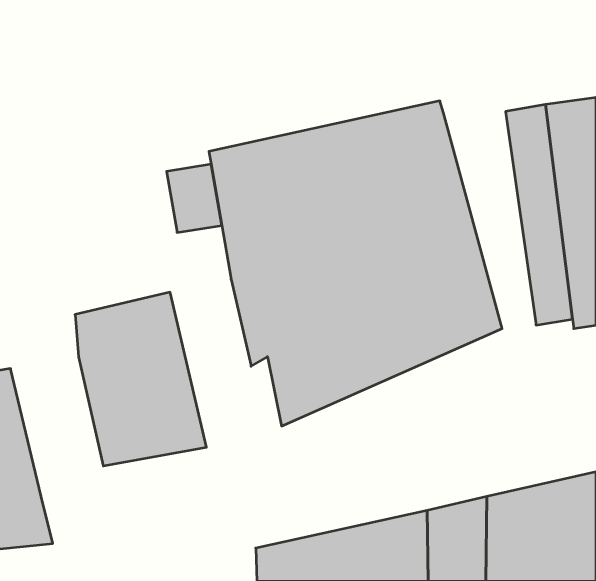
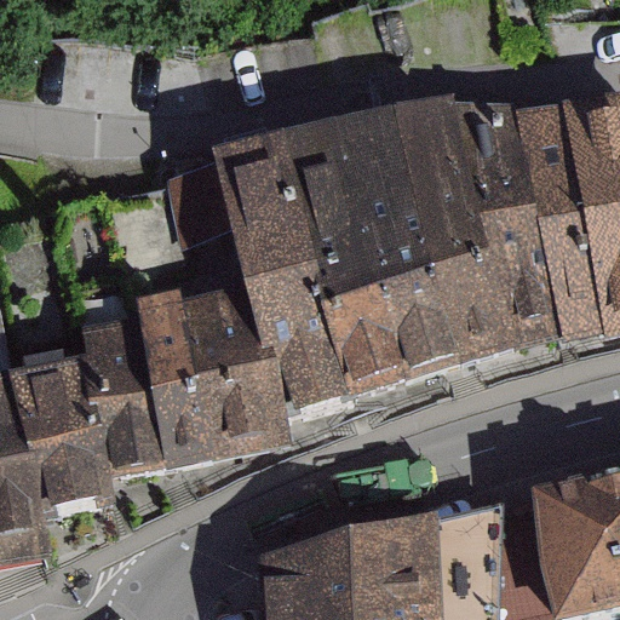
building: none -> [458,115,553,339]
building: none -> [176,288,291,461]
building: none -> [11,368,111,512]

